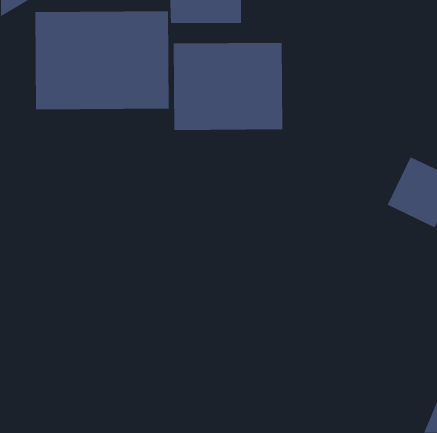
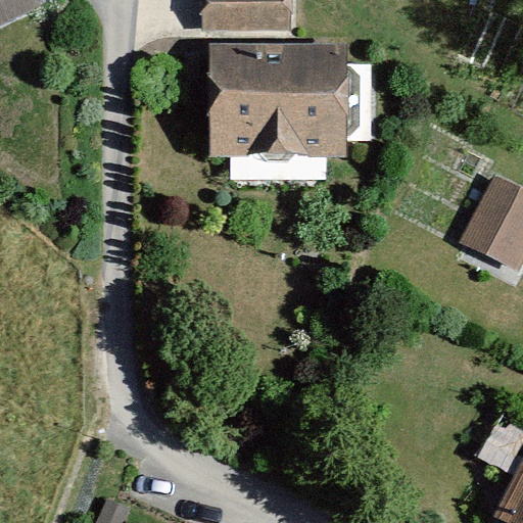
building: [35,11,169,110] -> none

